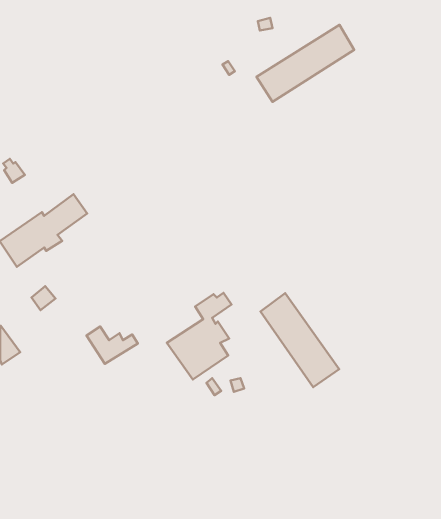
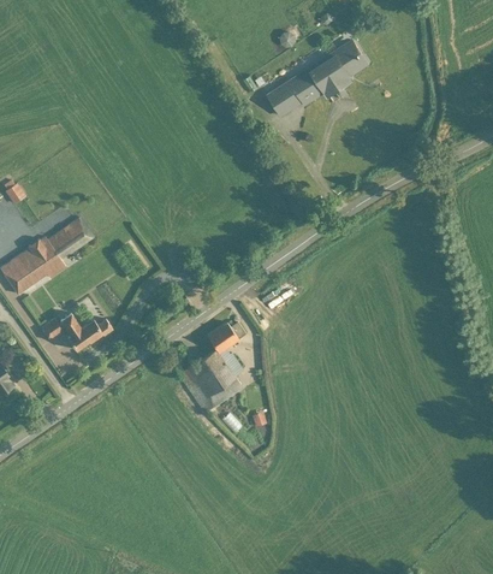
building: [260,293,339,387] -> none
building: [87,326,138,364] -> [63,310,117,350]

